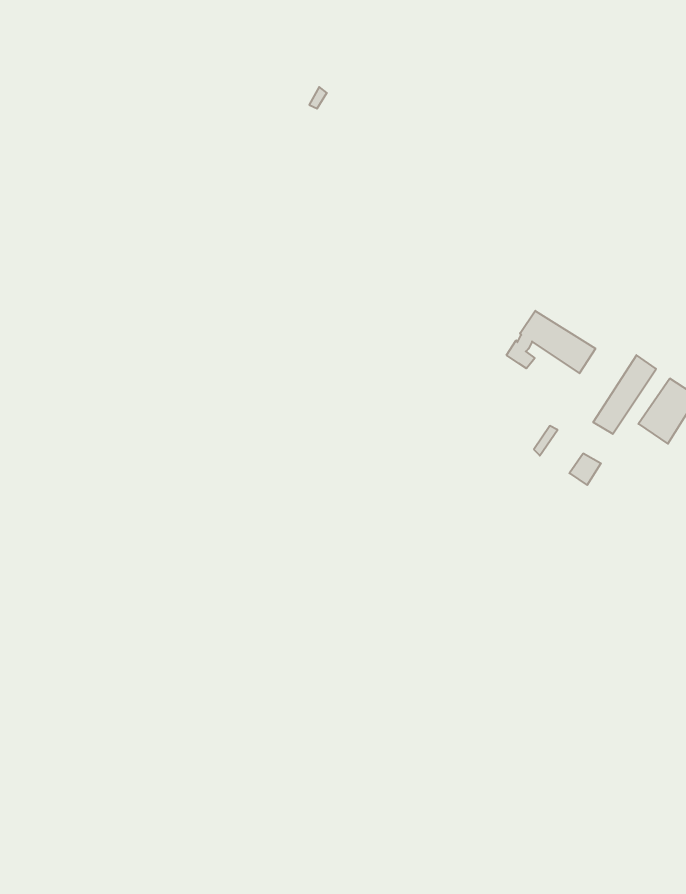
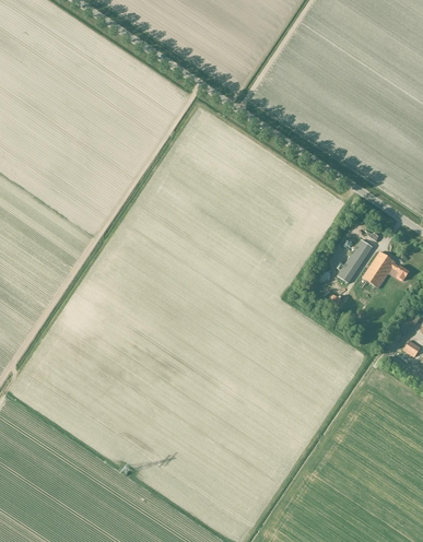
building: [507,311,595,373] -> none

